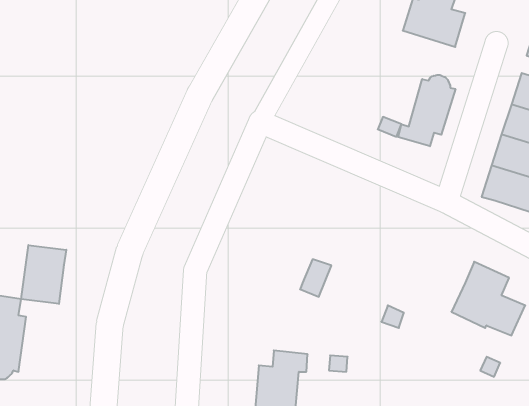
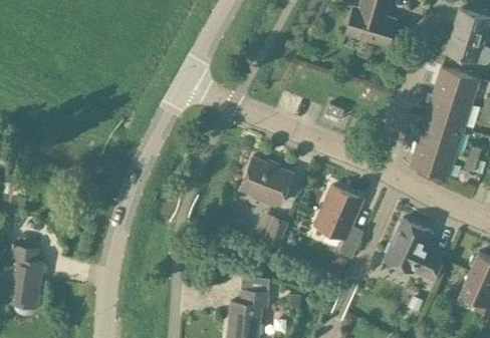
building: [398,75,455,146] -> none
building: none -> [240,156,293,206]
building: none -> [315,186,362,257]
building: [21,245,66,304] -> none

